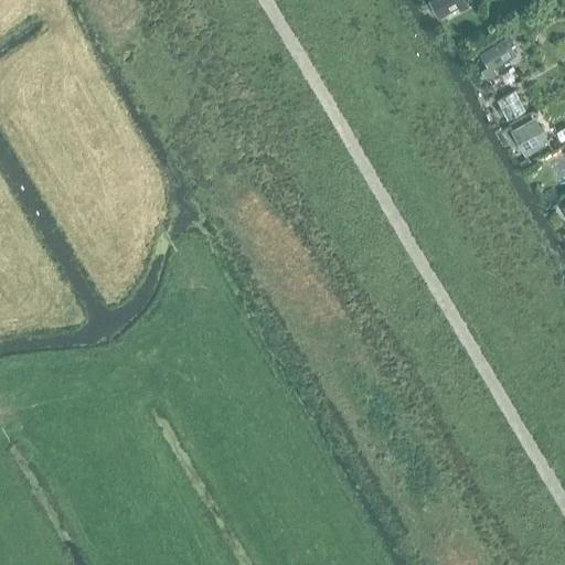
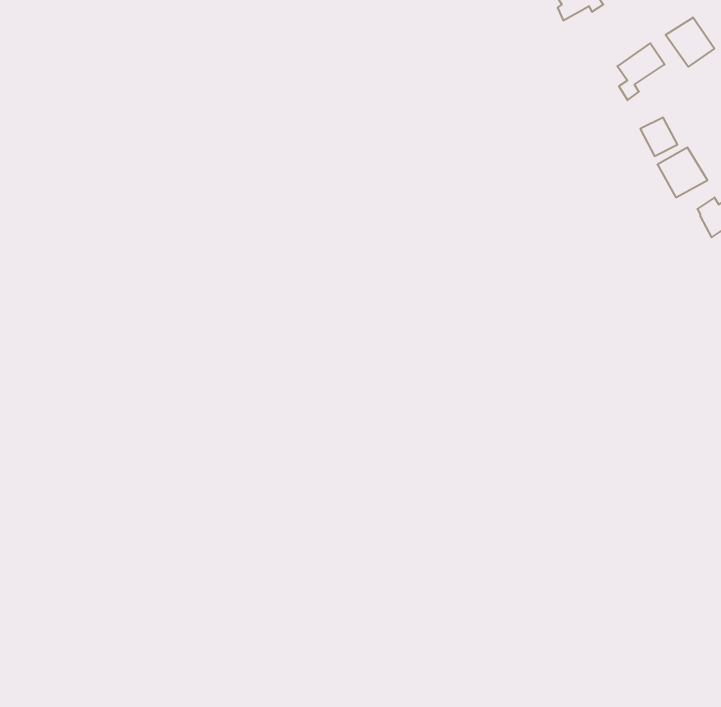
building: none -> [666,17,714,67]

